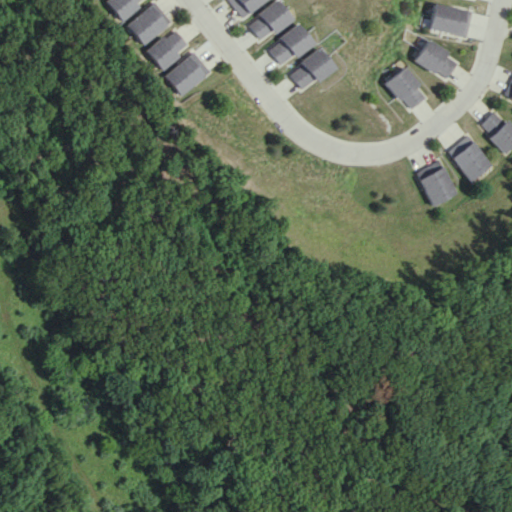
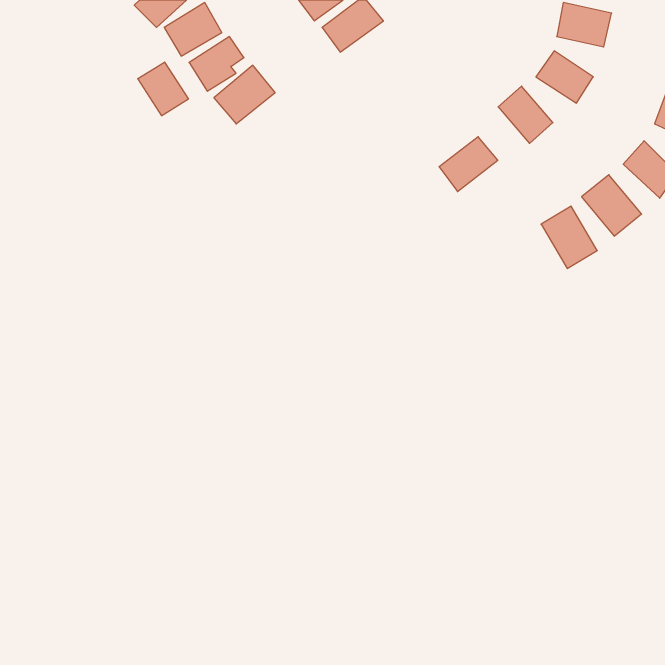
building: [268,24,313,67] -> none
building: none -> [138,62,188,116]
building: [288,49,333,91] -> [439,137,498,192]

